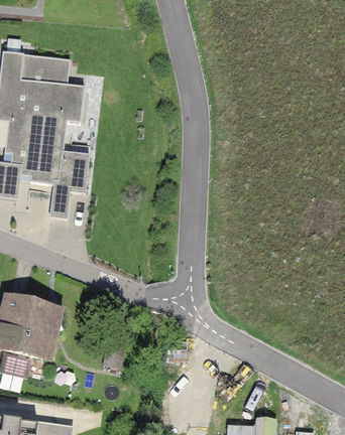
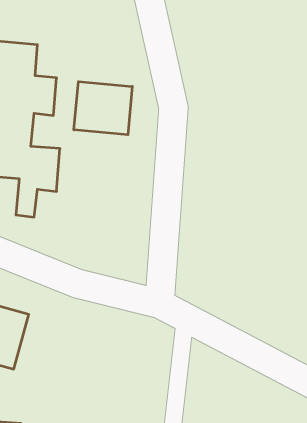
building: none -> [74,82,132,135]

